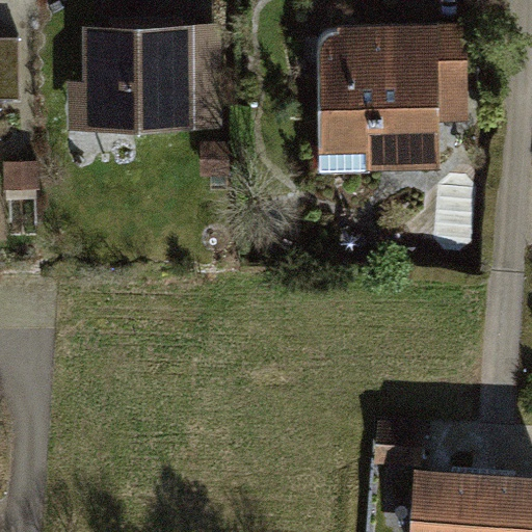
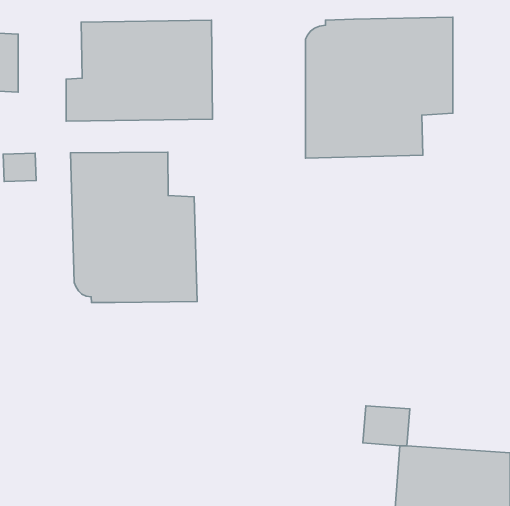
building: none -> [70,152,197,303]

